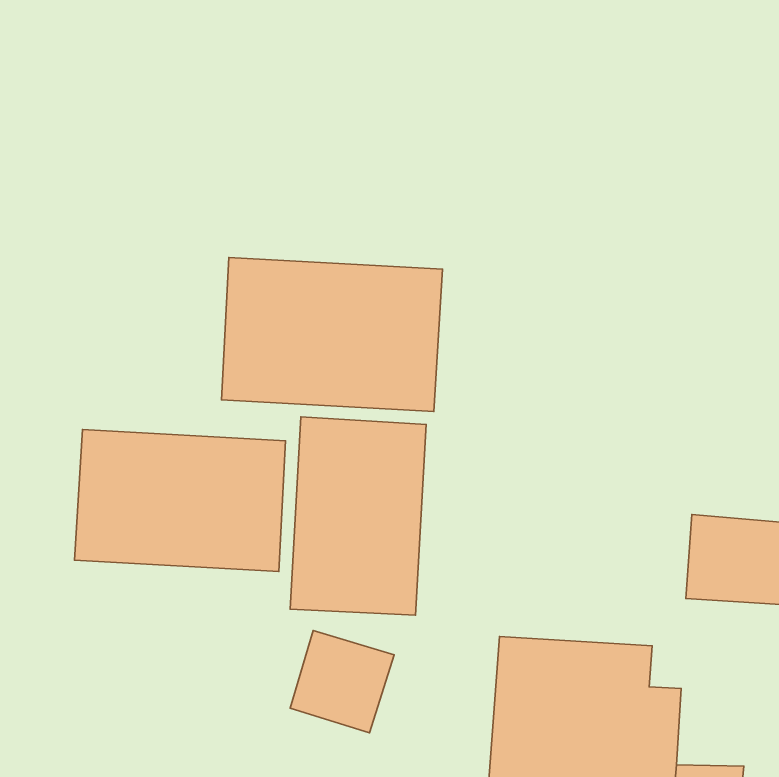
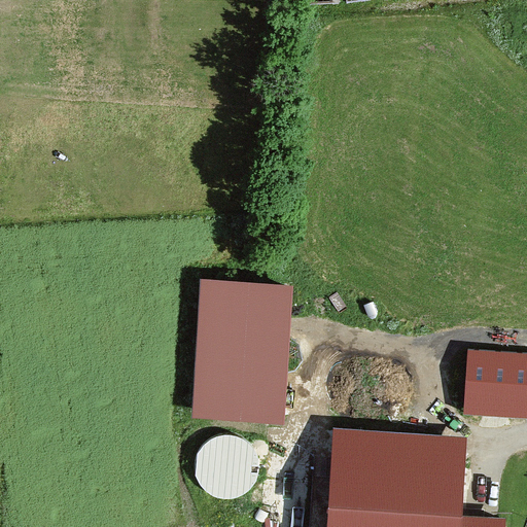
building: [222,257,443,412] -> none
building: [74,430,285,572] -> none

